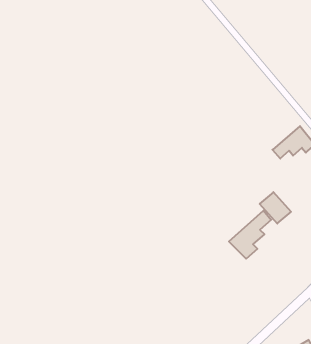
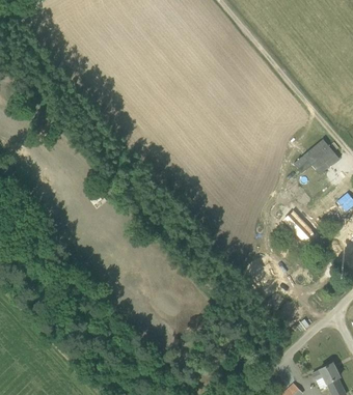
building: [229,211,271,259] -> none

